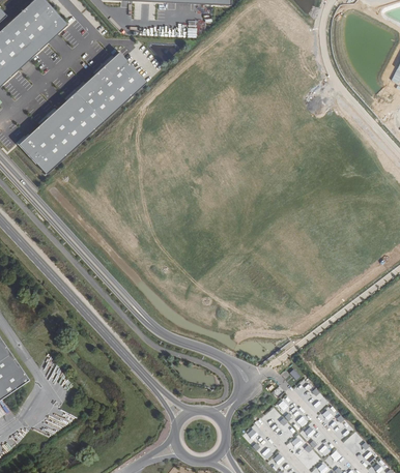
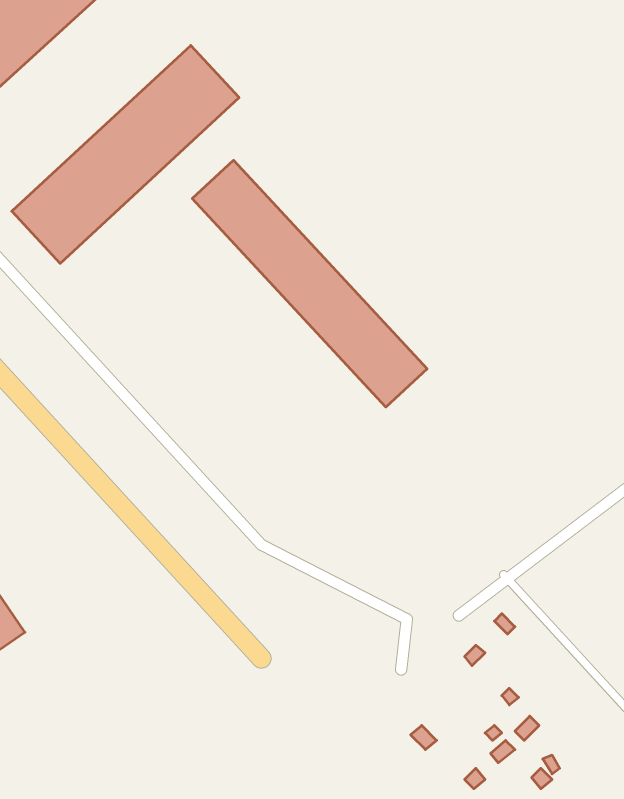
building: none -> [192,160,427,407]

